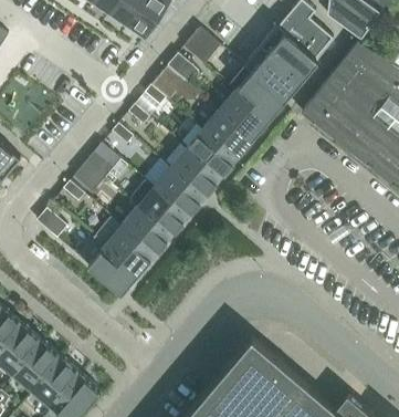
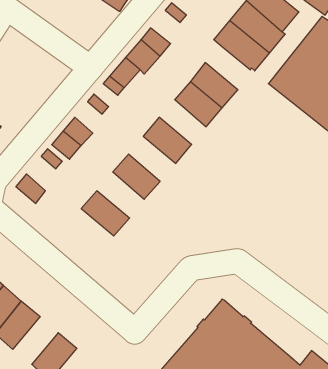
building: [235,72,287,118] -> none
building: [187,128,237,176] -> none
building: [155,167,204,215] -> none
building: [122,205,171,253] -> none
building: [88,243,139,292] -> none
building: [33,357,81,407] -> none

